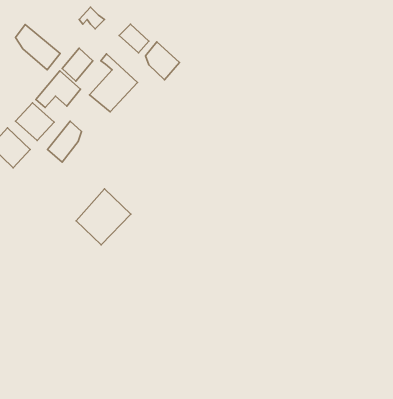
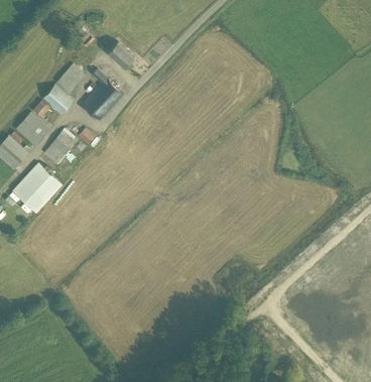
building: [16,24,60,70] -> none
building: [145,42,180,80] -> none
building: [76,189,131,245] -> [13,162,61,212]

